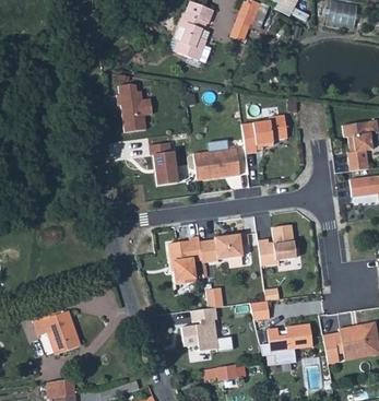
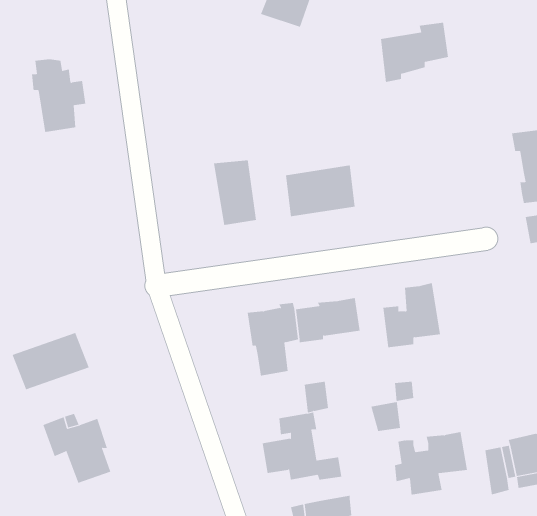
building: [116,85,152,133] -> [31,59,86,132]
building: [241,116,286,155] -> [380,22,449,82]
building: none -> [12,332,89,390]

